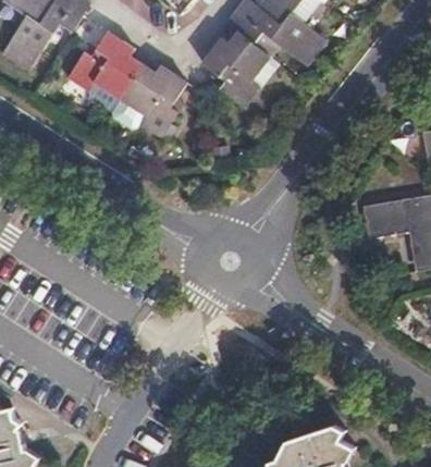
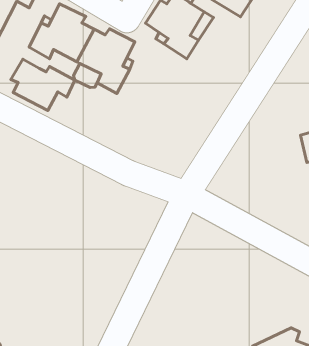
building: none -> [11,59,75,111]

